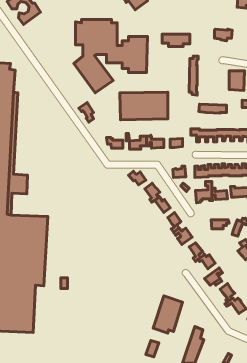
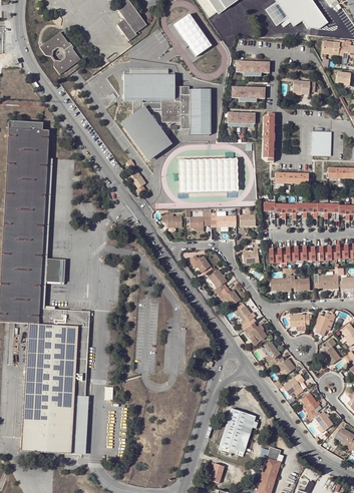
building: none -> [235,60,269,75]
building: none -> [226,112,254,126]
building: none -> [71,395,88,454]

